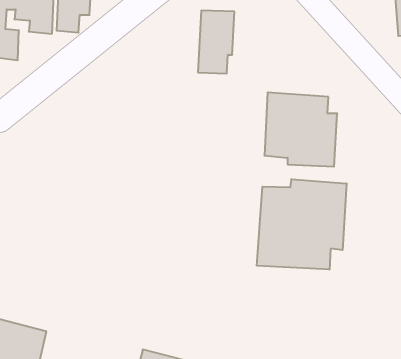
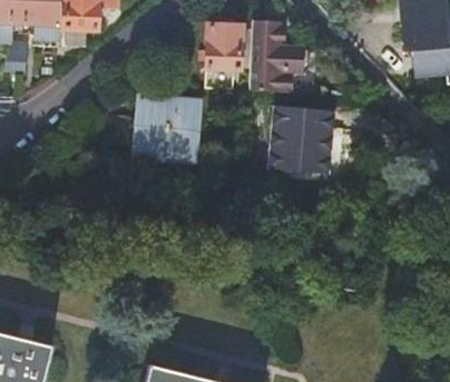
building: none -> [251,18,310,91]
building: none -> [137,98,199,161]
building: [257,179,347,270] -> none

